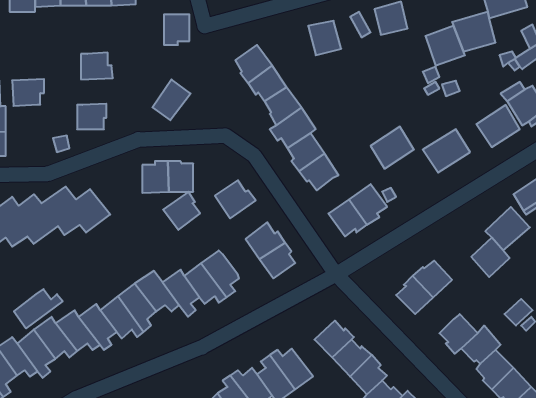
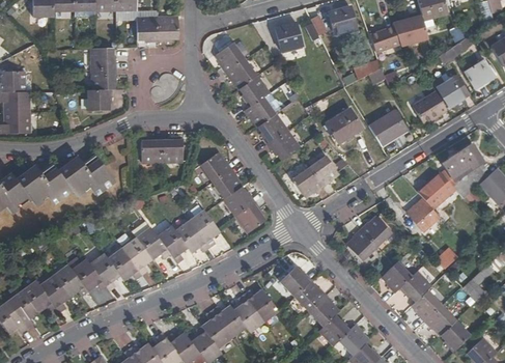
building: none -> [136,17,158,41]
building: [12,79,44,106] -> [90,68,116,90]
building: [163,192,200,230] -> [212,168,242,199]
building: [14,289,63,328] -> none

